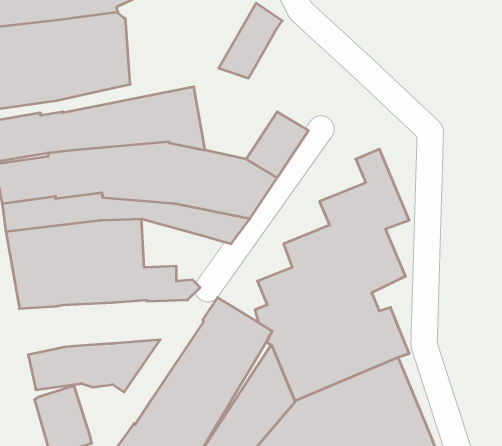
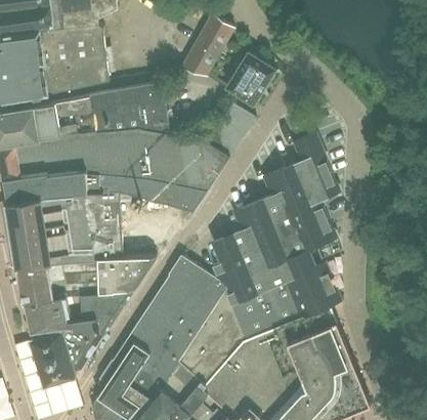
building: none -> [224,54,273,106]
building: none -> [16,259,155,304]
building: none -> [67,329,102,373]

